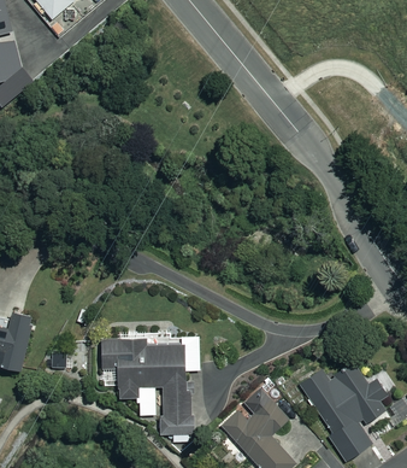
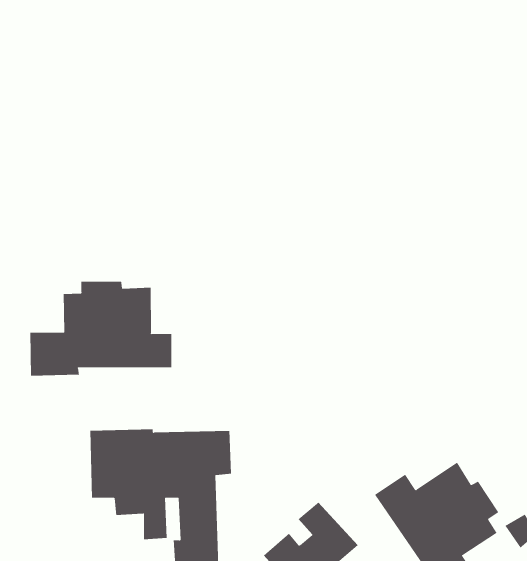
building: none -> [30,281,172,376]

